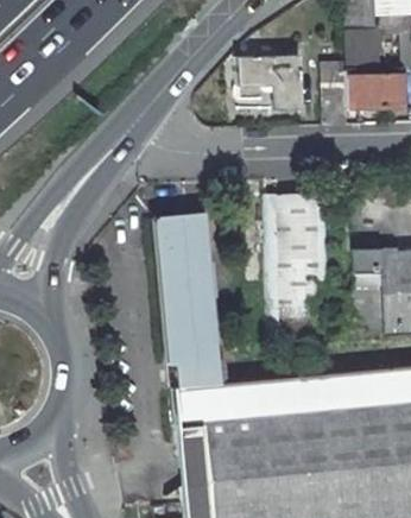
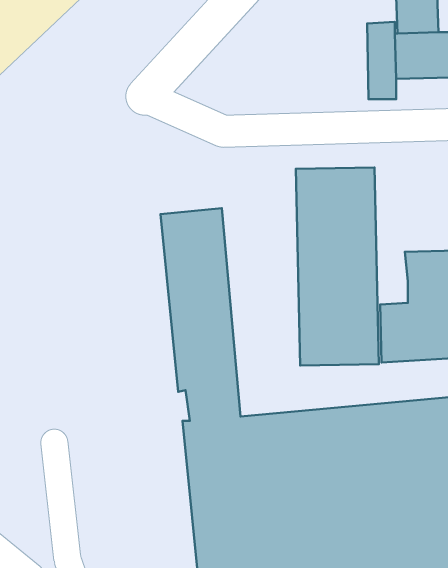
building: [239,56,302,109] -> none

